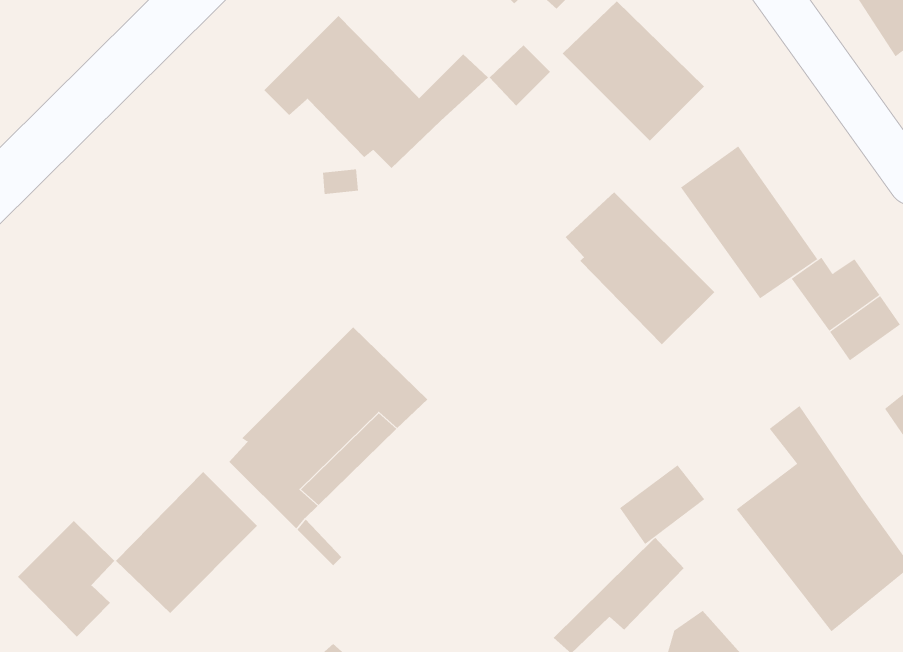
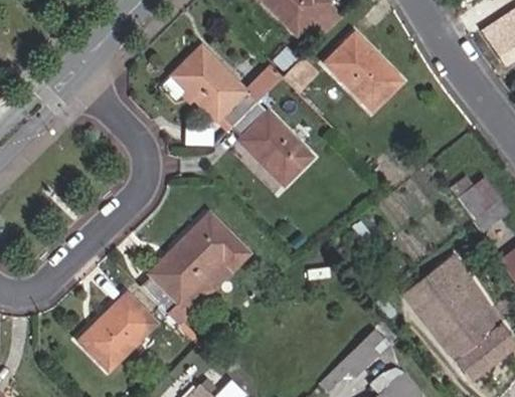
building: [680,146,818,299] -> none
building: [565,191,715,345] -> [230,101,313,185]
building: [619,464,705,545] -> [405,268,453,313]
building: [17,520,115,637] -> none

